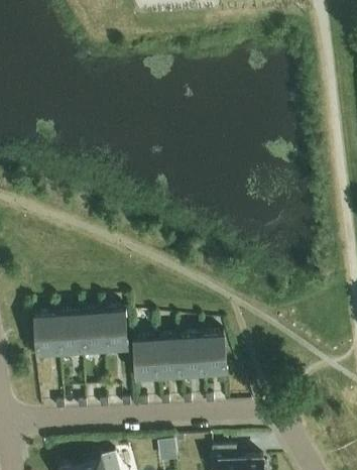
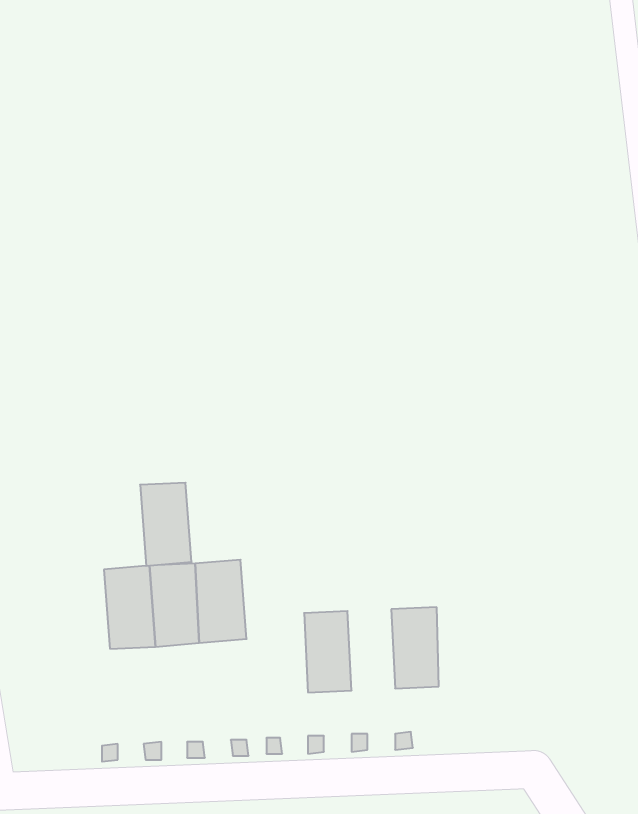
building: [33,315,60,357] -> [140,483,192,566]
building: [181,335,205,376] -> none
building: [135,337,160,378] -> none

